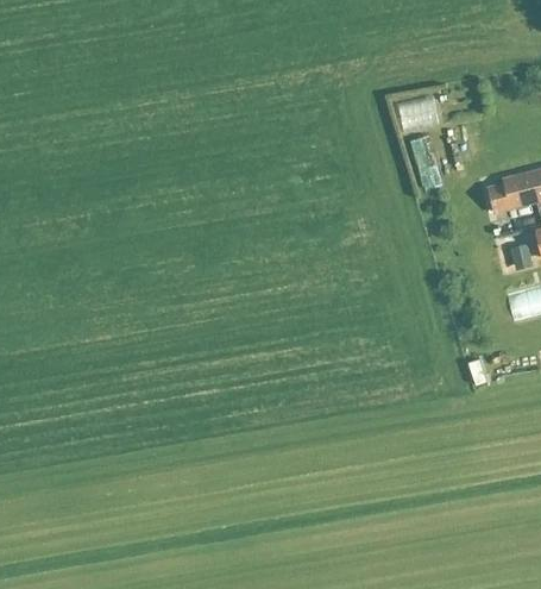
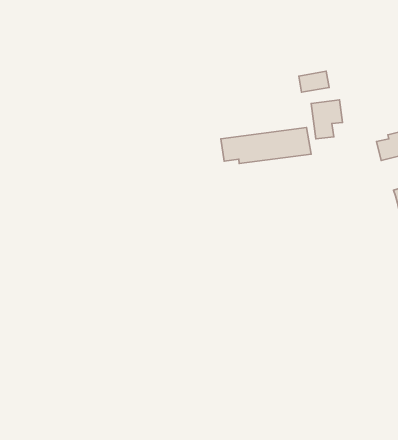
building: none -> [221,127,311,164]

